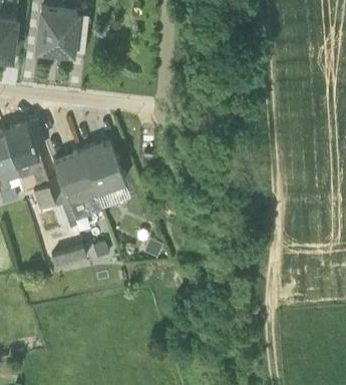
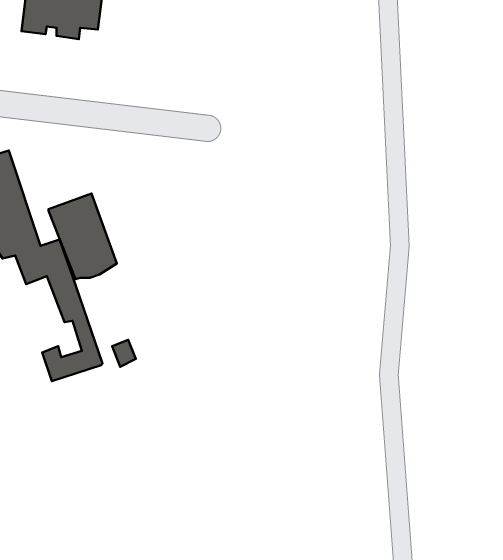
building: [80,142,129,208] -> none

